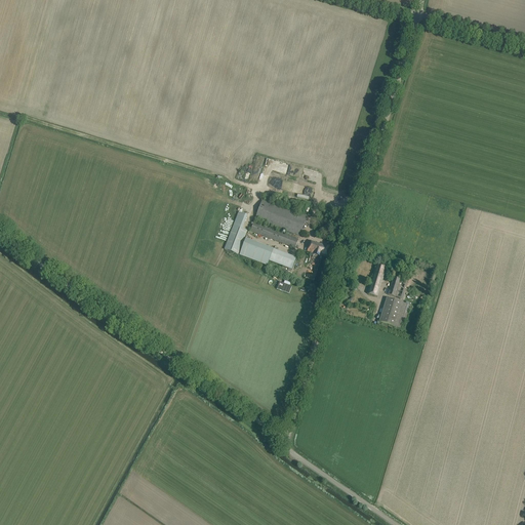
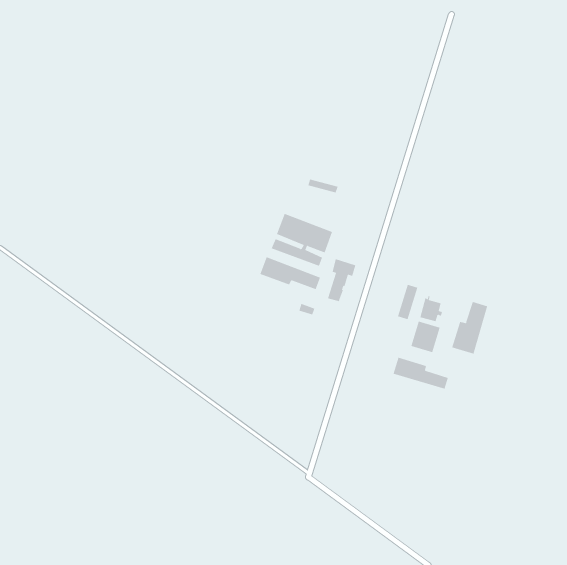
building: [225,210,247,253] -> none
building: none -> [452,301,488,354]
building: none -> [393,357,449,389]

